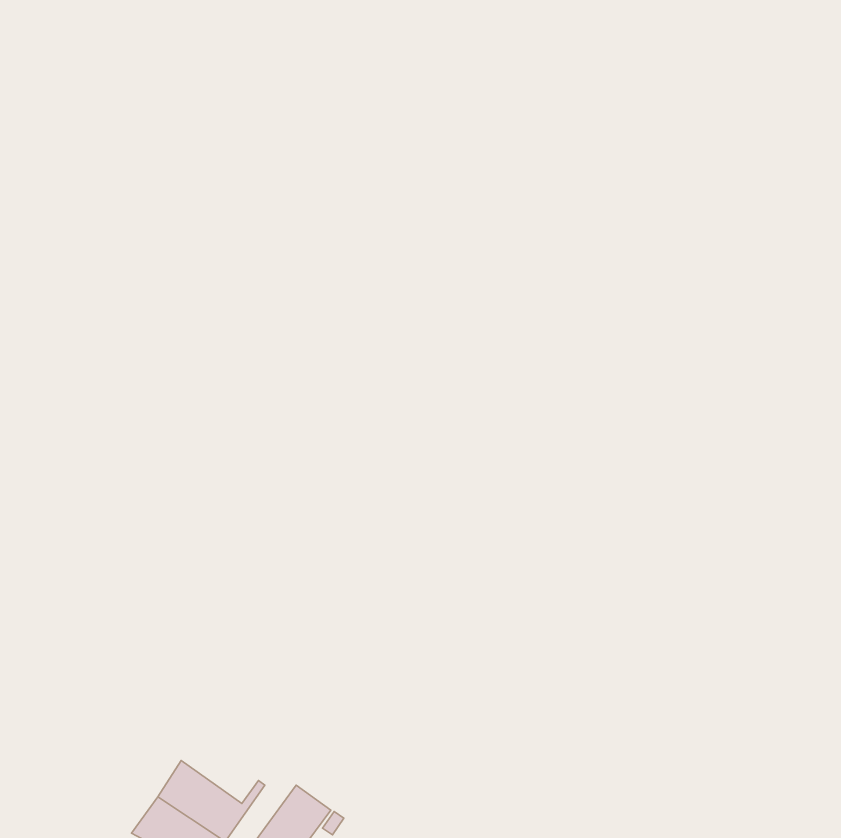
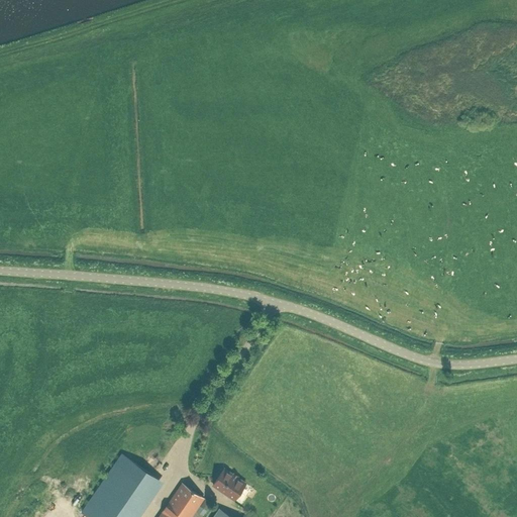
building: none -> [111,454,159,495]
building: none -> [213,471,245,501]

